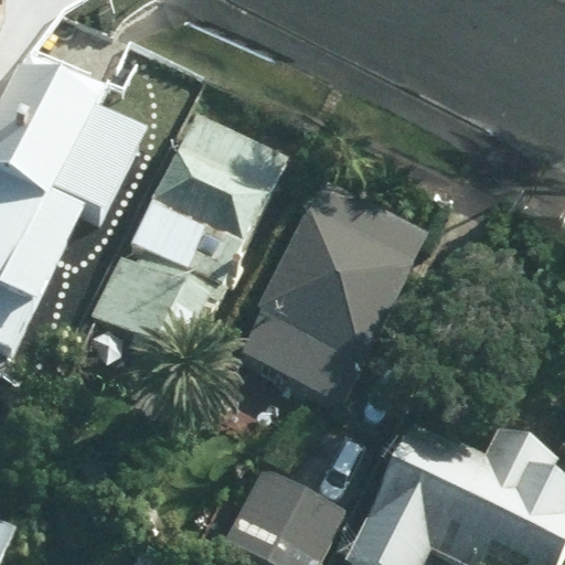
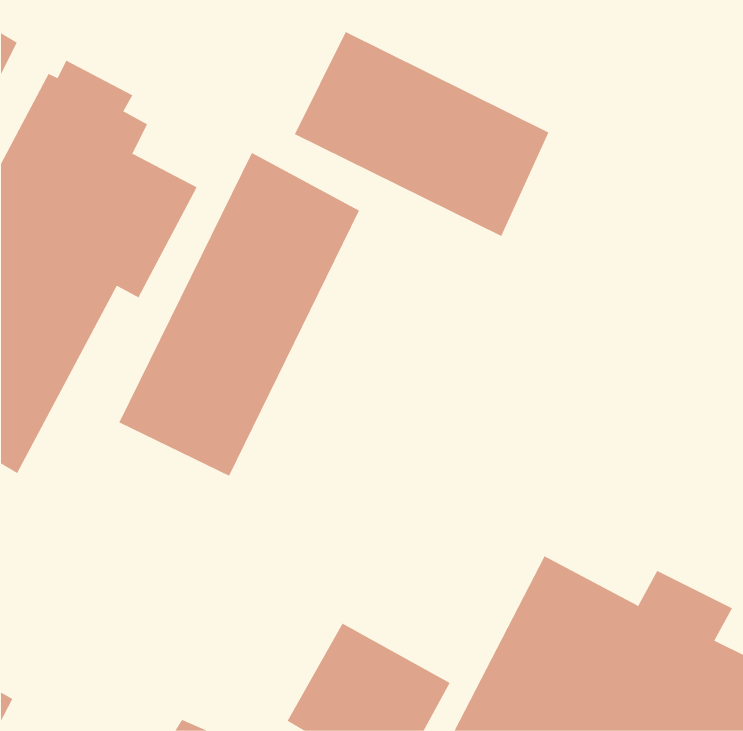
building: none -> [294,31,549,237]
building: [223,181,424,407] -> none

